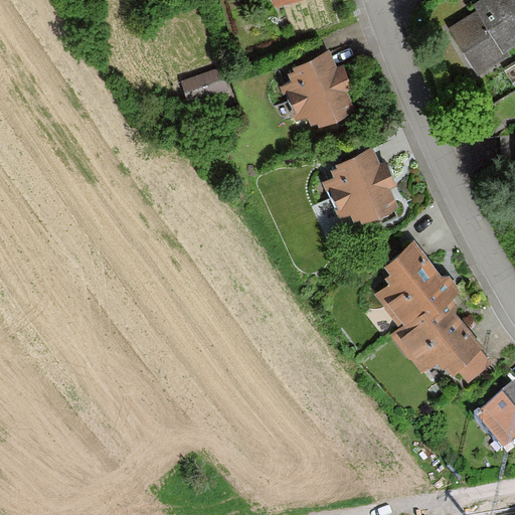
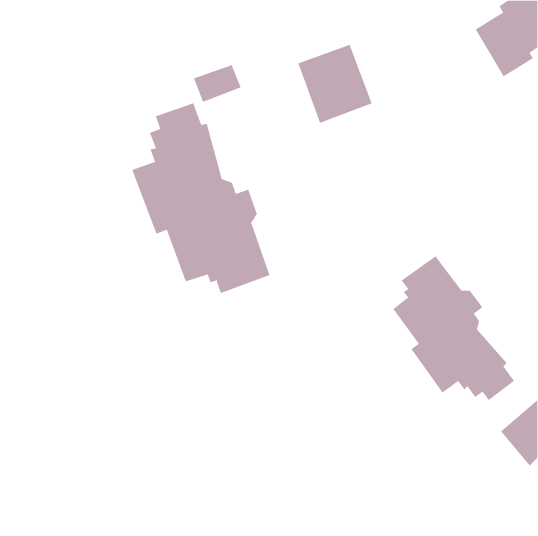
building: none -> [132,103,270,294]
building: [326,143,397,216] -> none

